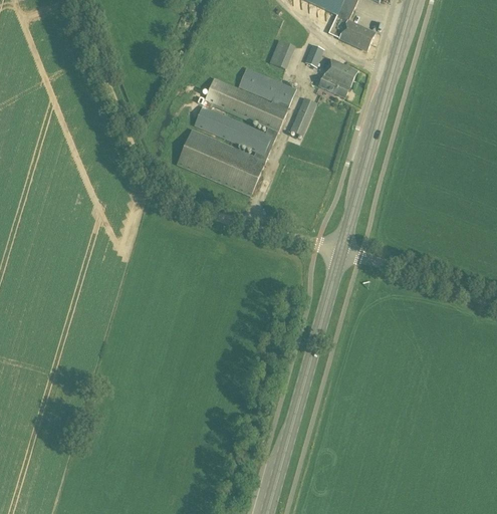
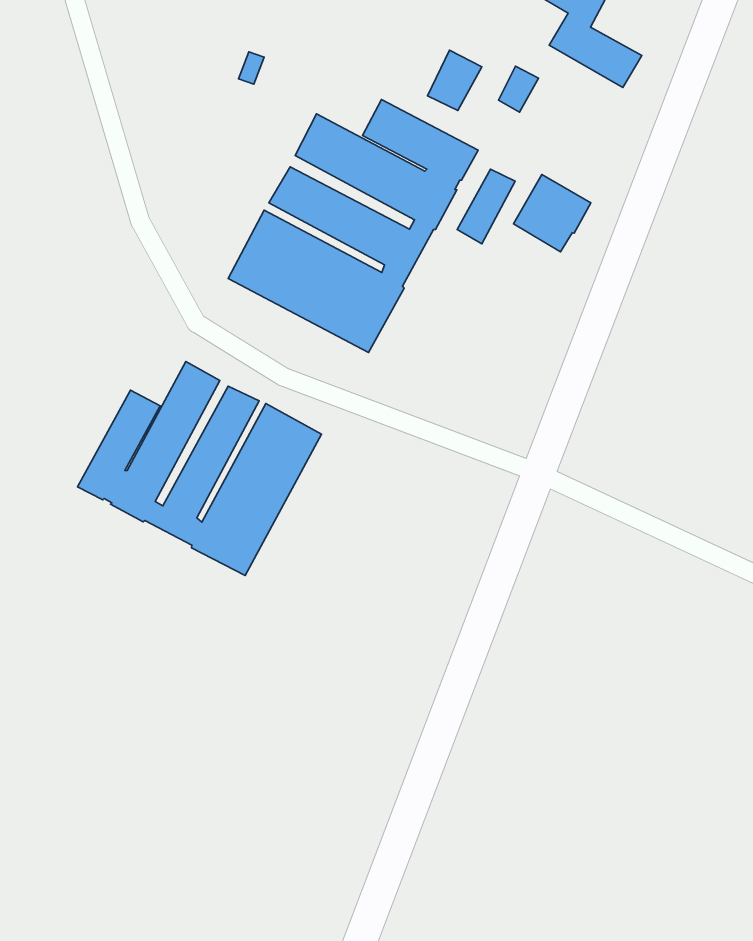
building: [318,59,356,97] -> [513,175,591,252]
building: none -> [78,362,322,575]

